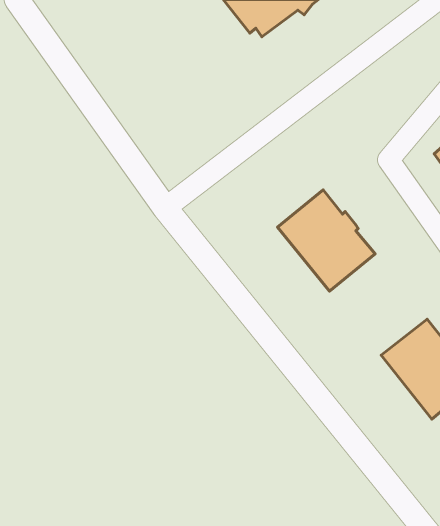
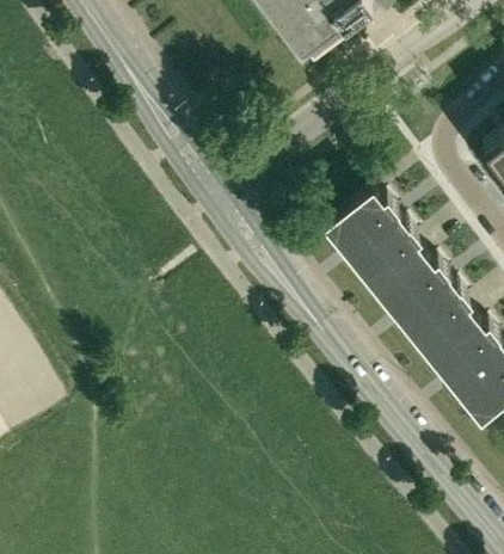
building: none -> [377,258,474,358]

